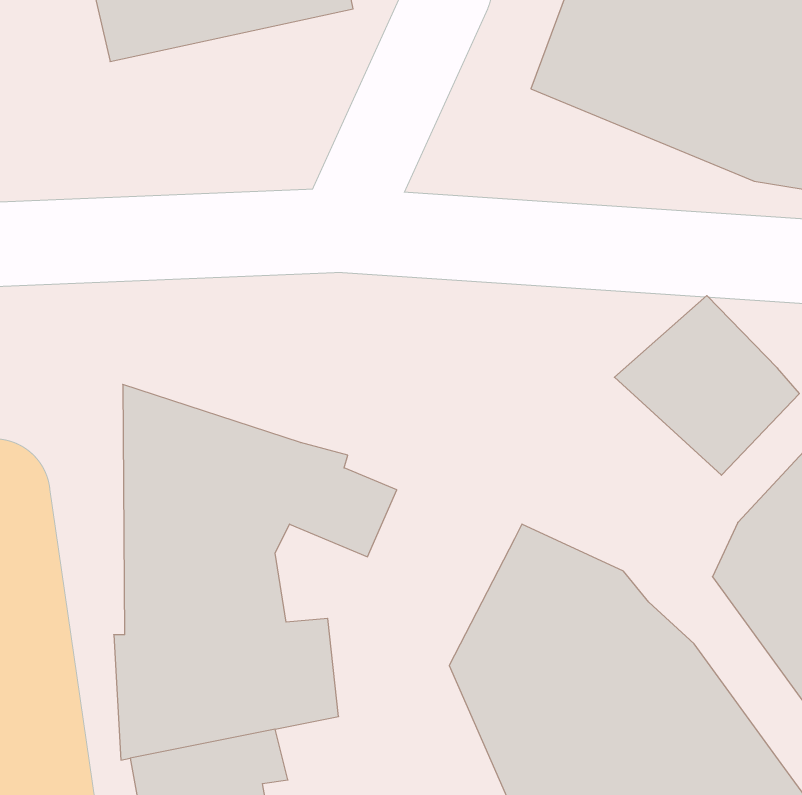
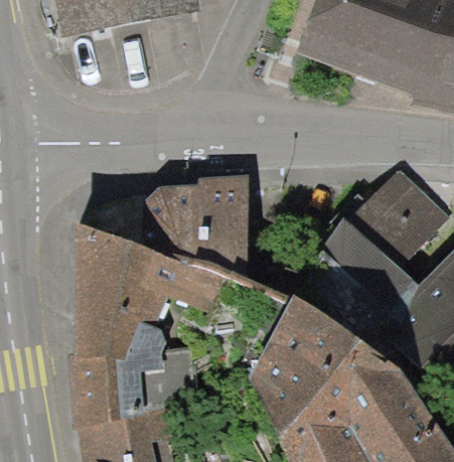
building: none -> [144,175,247,273]
building: none -> [321,212,405,301]

